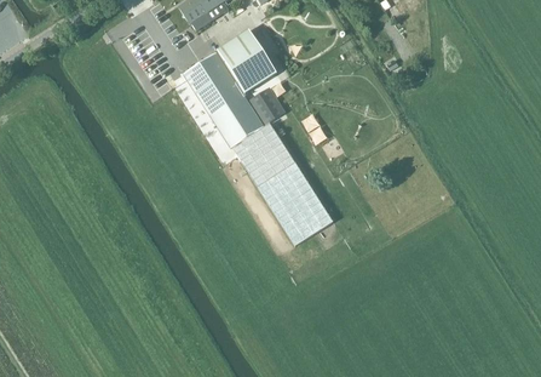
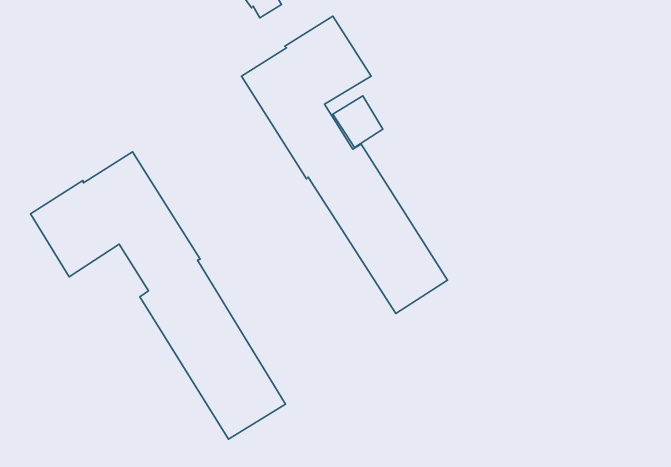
building: none -> [30,152,286,439]

